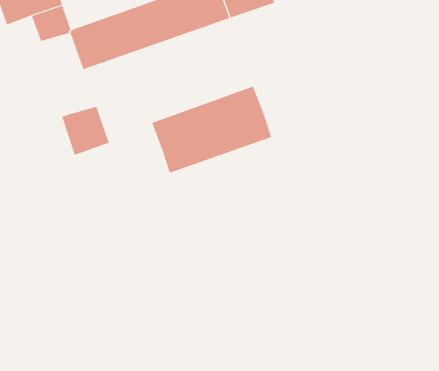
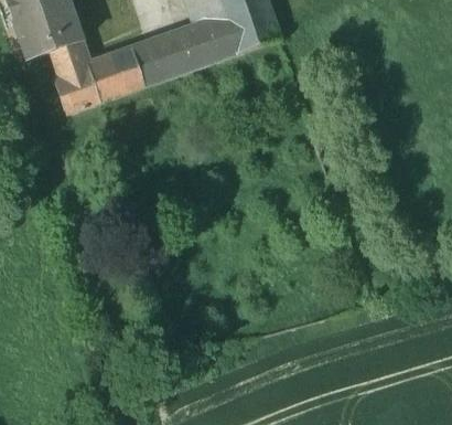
building: [151,86,272,173] -> none
building: [61,106,110,156] -> [55,67,100,114]

